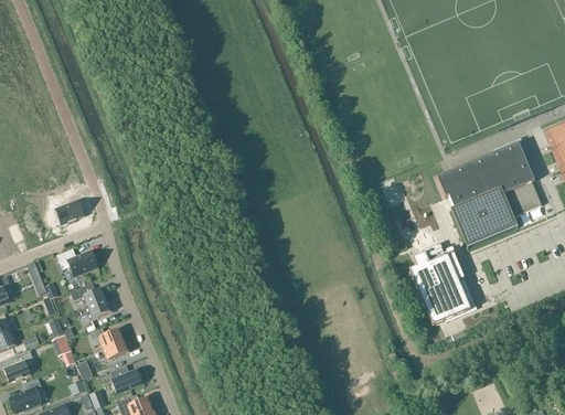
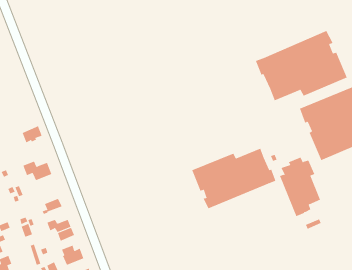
building: none -> [255,30,347,101]
building: none -> [191,148,276,209]
building: [70,280,106,307] -> none

